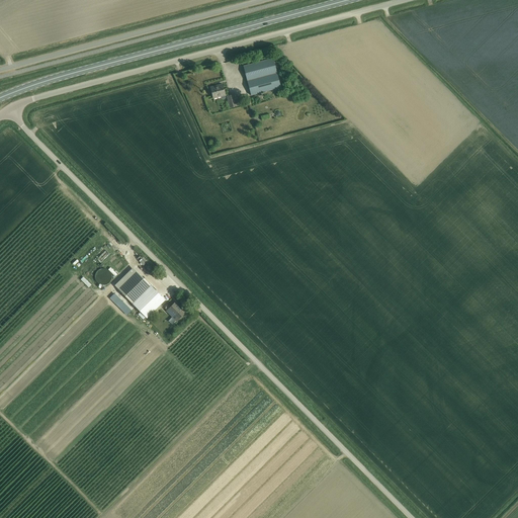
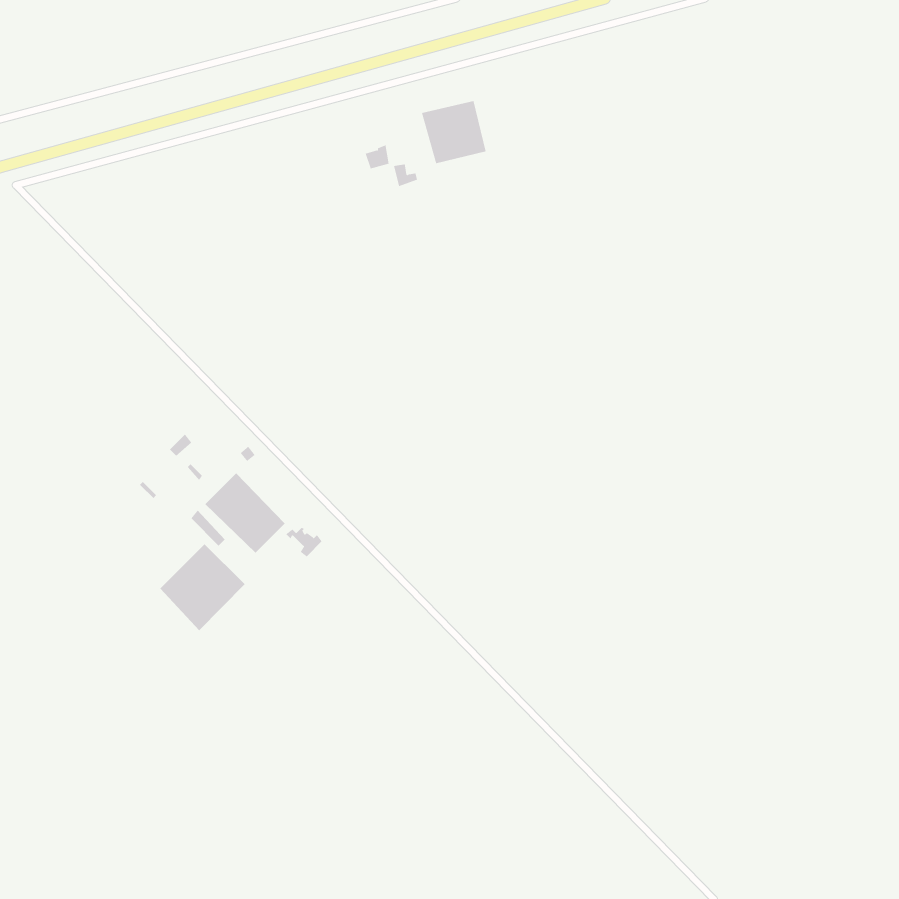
building: none -> [159,543,245,631]

